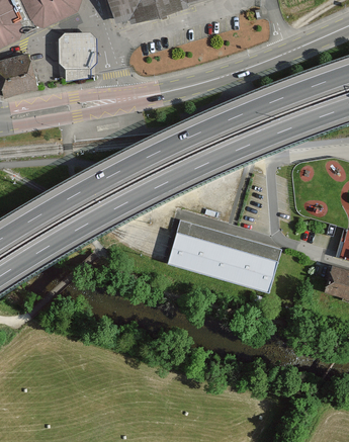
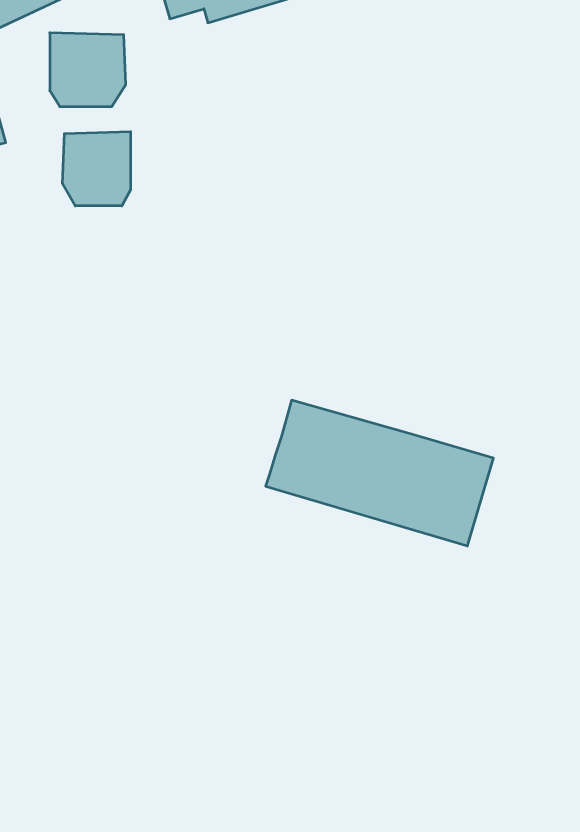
building: none -> [63,132,131,206]

